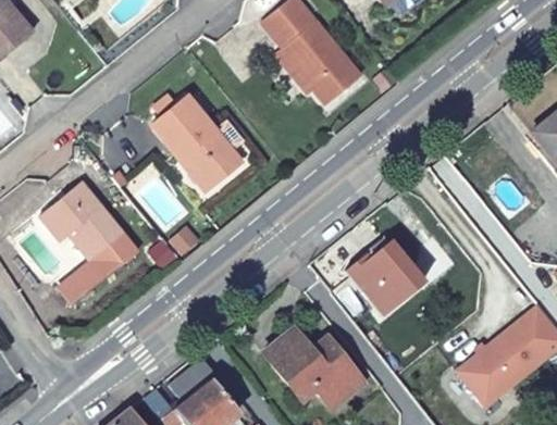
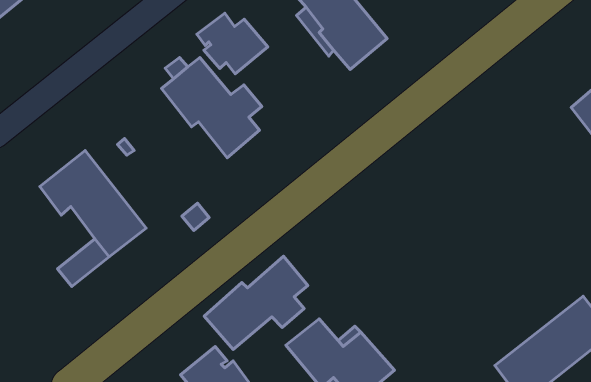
building: none -> [197,13,268,74]
building: [347,242,426,316] -> none
building: none -> [204,256,308,349]

